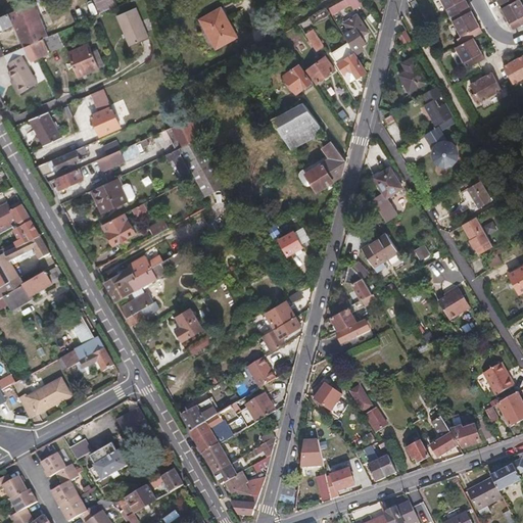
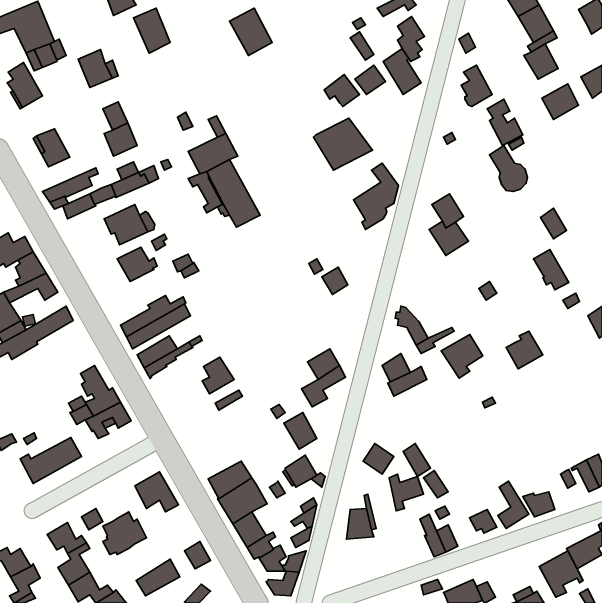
building: [361,233,396,271] -> [441,334,483,378]
building: [478,355,508,388] -> none
building: [324,467,353,498] -> [389,474,423,511]

